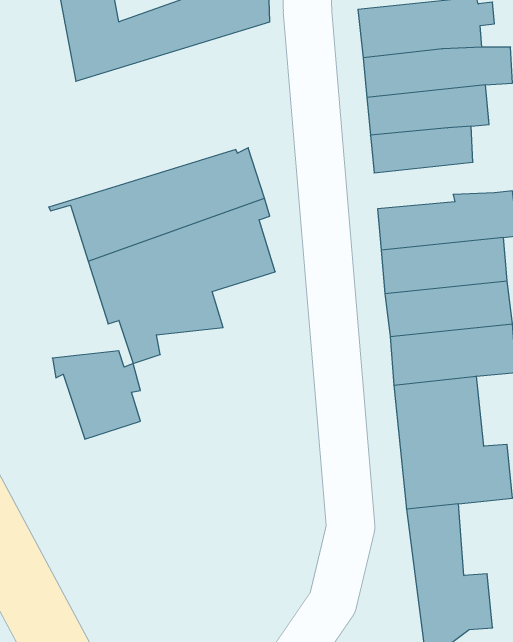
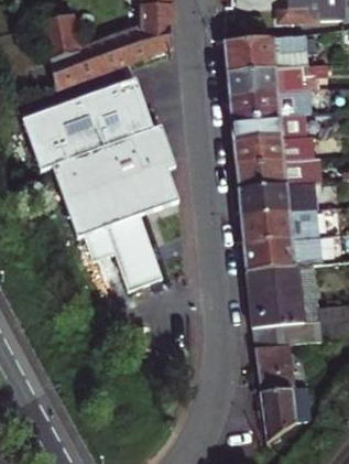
building: none -> [21,78,151,162]
building: none -> [236,133,309,163]
building: [52,351,140,439] -> [102,236,156,290]

